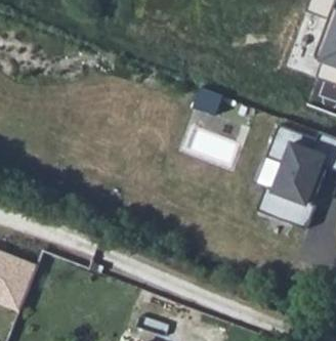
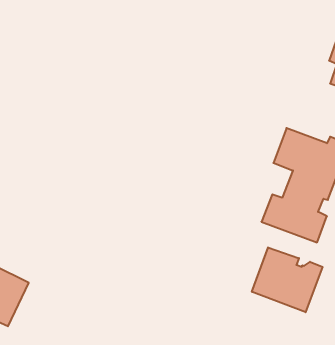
building: none -> [252,247,323,312]

